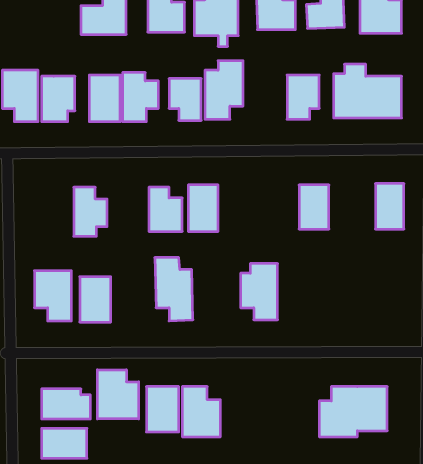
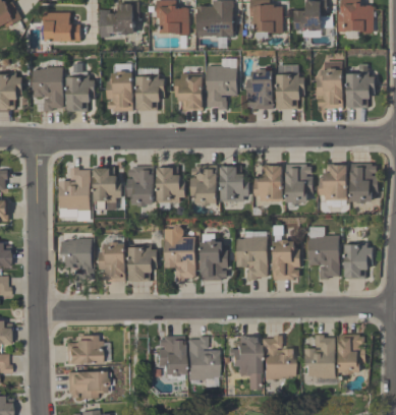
building: none -> [43,12,80,41]
building: none -> [245,69,273,109]
building: none -> [127,165,155,206]
building: none -> [320,165,348,201]
building: none -> [220,166,249,201]
building: none -> [254,166,282,200]
building: none -> [59,167,91,217]
building: none -> [307,227,340,279]
building: none -> [200,240,228,281]
building: none -> [273,240,298,281]
building: none -> [344,243,373,279]
building: none -> [128,245,158,282]
building: [97,370,139,419] -> none
building: none -> [230,338,294,379]

